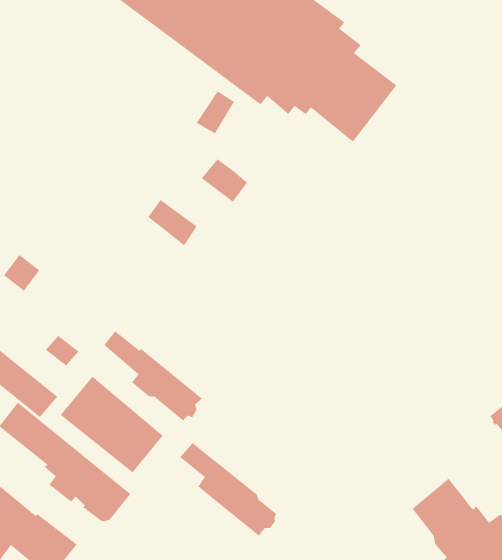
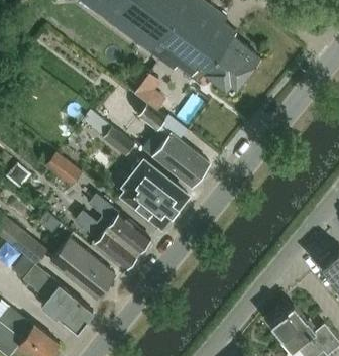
building: none -> [153,133,210,187]
building: none -> [47,153,83,187]
building: none -> [124,160,188,227]
building: [180,443,277,537] -> [89,195,149,253]

